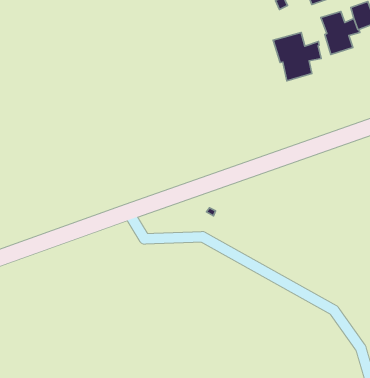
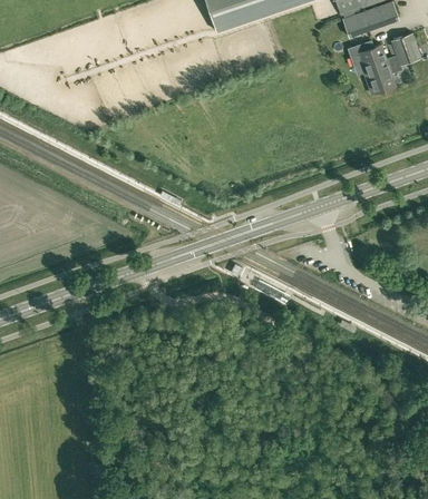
building: [273,32,321,81] -> none

